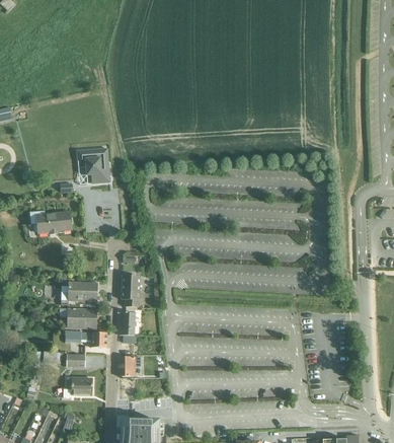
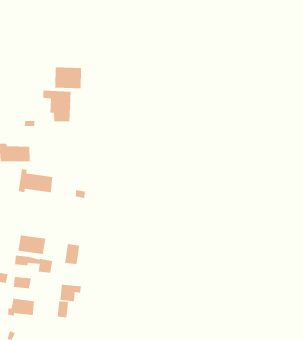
building: none -> [54,66,82,89]
building: [121,275,140,306] -> none
building: [60,278,96,304] -> [18,168,53,193]

